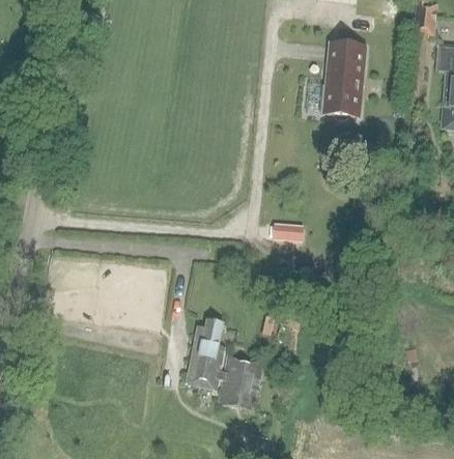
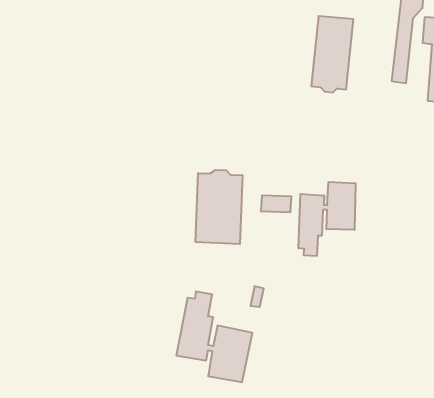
building: none -> [196,170,242,244]
building: none -> [299,182,356,256]

